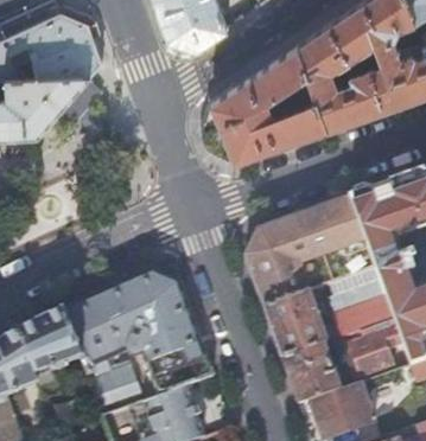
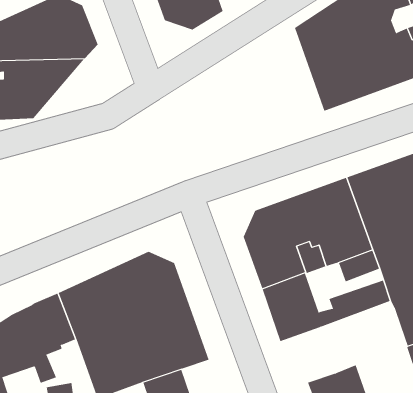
building: [202,47,326,164] -> none
building: [348,326,402,377] -> none
building: [282,345,338,404] -> none

